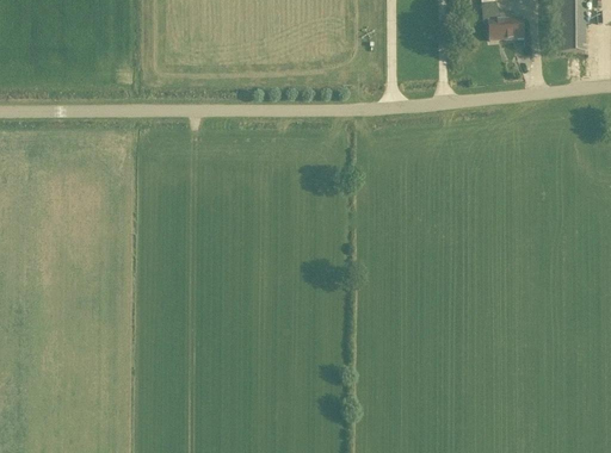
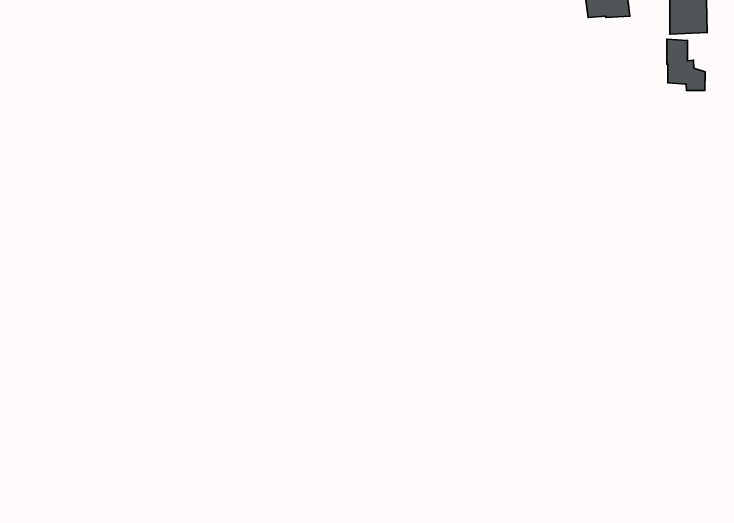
building: none -> [667,39,705,90]

